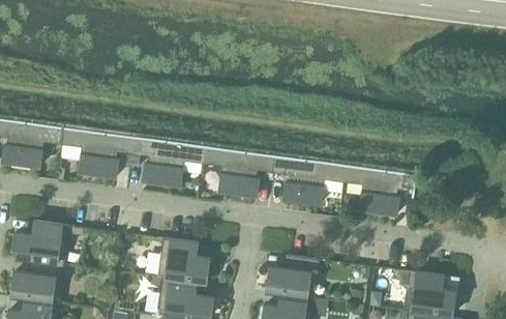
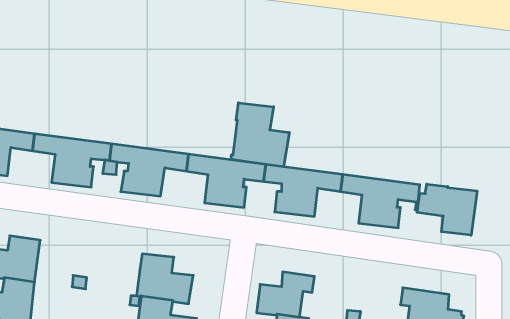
building: none -> [231,103,289,167]
building: none -> [417,184,477,235]

